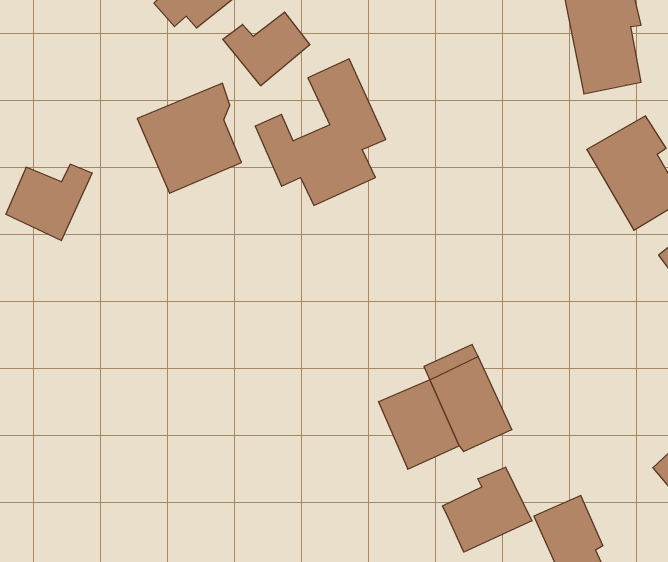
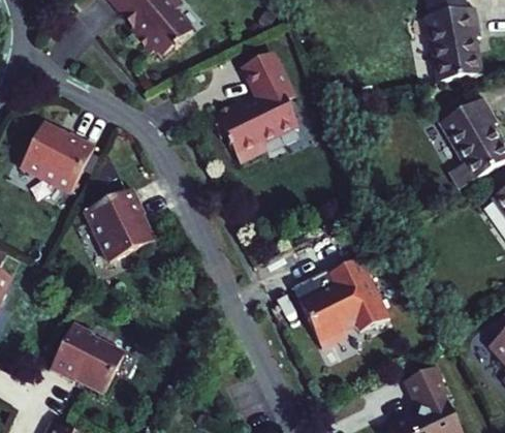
building: [223,12,310,86] -> none
building: [137,83,241,193] -> [91,187,164,265]
building: none -> [63,316,133,382]
building: [443,467,532,552] -> none

